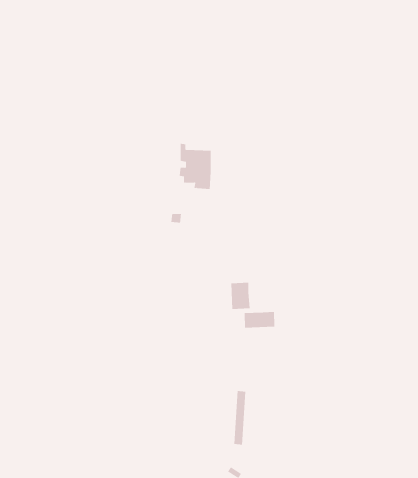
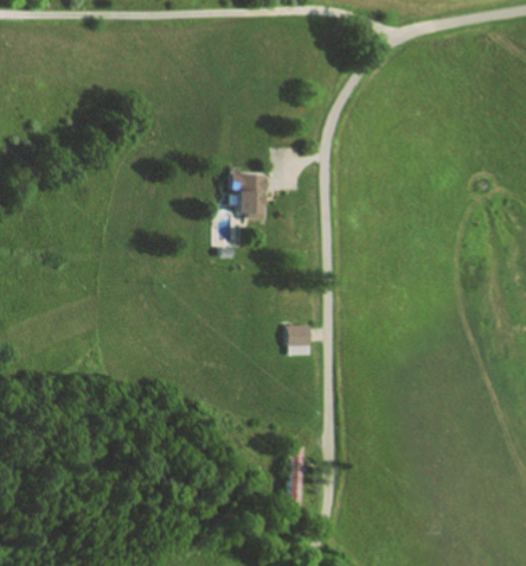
building: [244,311,275,328] -> none

